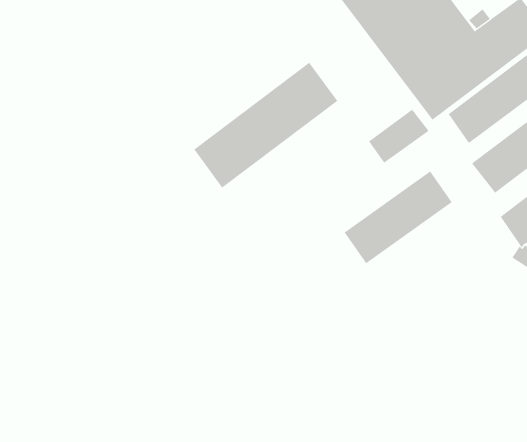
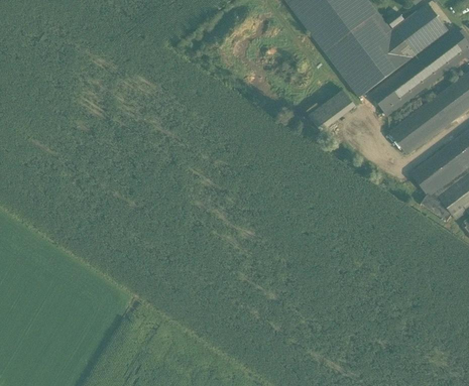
building: [193,62,338,188] -> none
building: [344,170,453,264] -> none

